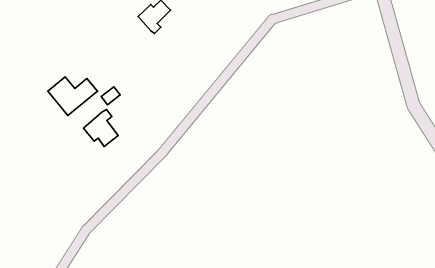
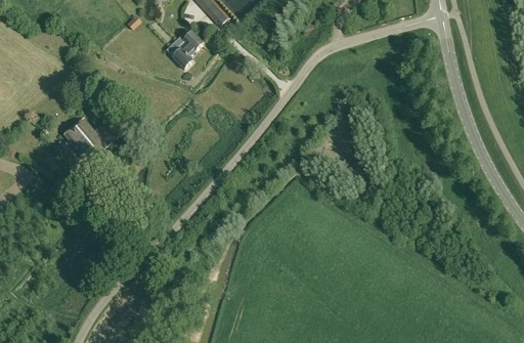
building: [83,109,118,146] -> none

